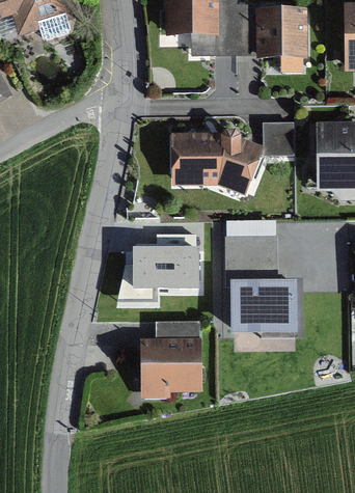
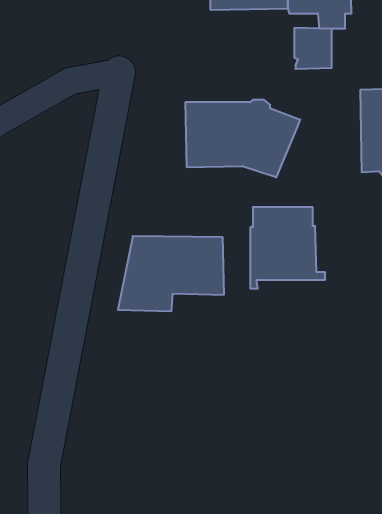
building: [263,120,294,155] -> [294,28,332,69]
building: [229,279,298,334] -> none
building: [140,321,202,396] -> none

